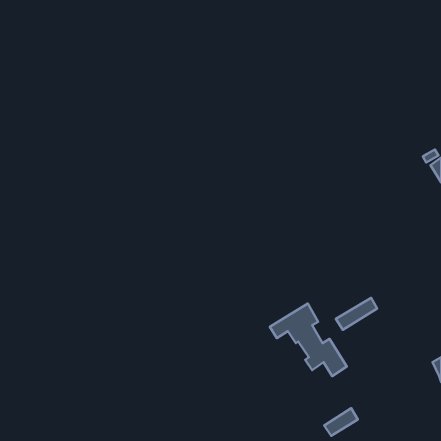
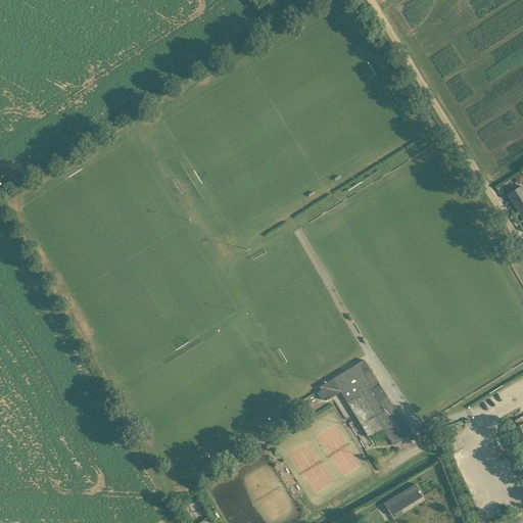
building: [336,298,377,330] -> none

